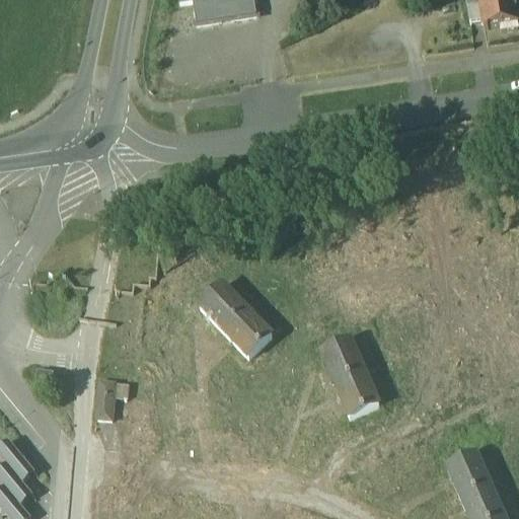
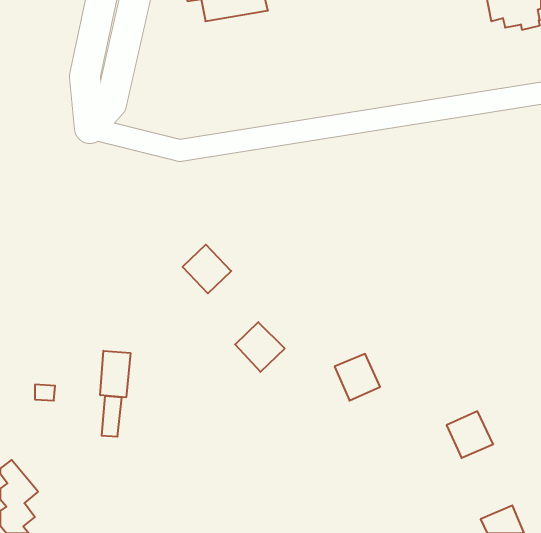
building: [201,283,247,329] -> [183,245,231,293]
building: none -> [100,351,130,397]
building: [335,370,378,416] -> none
building: [446,452,491,497] -> [447,411,493,458]

